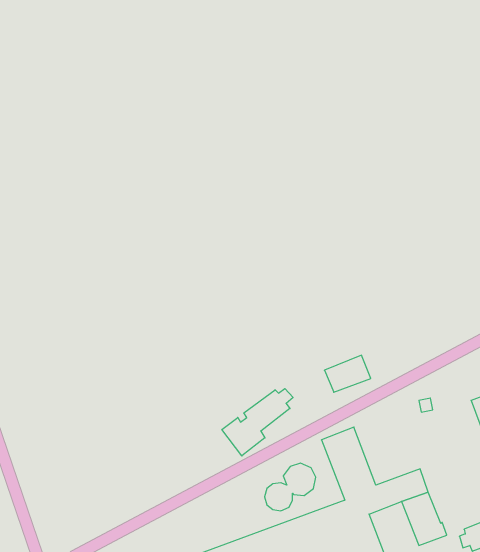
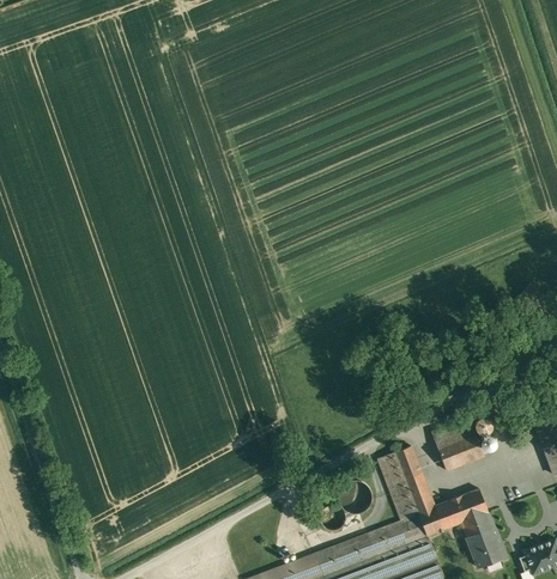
building: [324,355,371,392] -> [436,432,484,470]
building: [222,389,293,456] -> none

